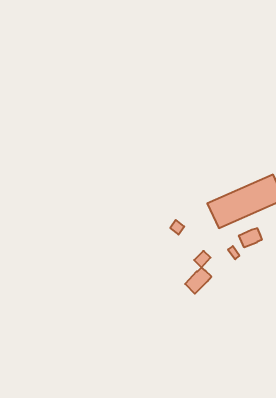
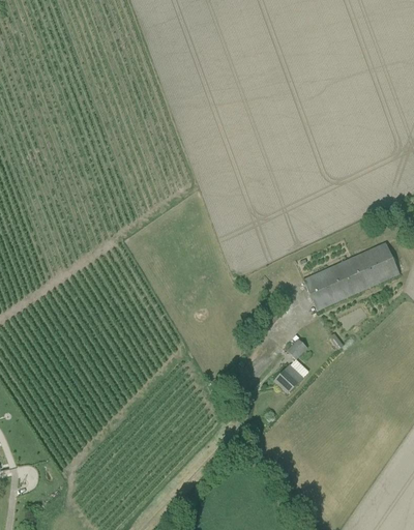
building: [239,228,262,247] -> none

